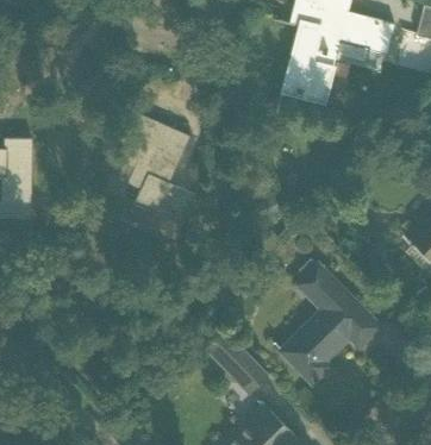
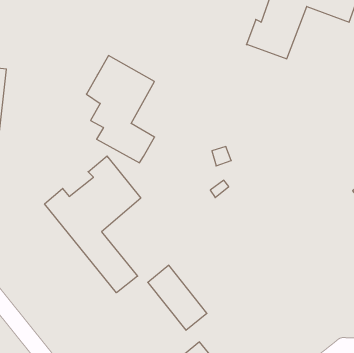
building: none -> [45,156,141,293]
building: [280,262,379,384] -> none

